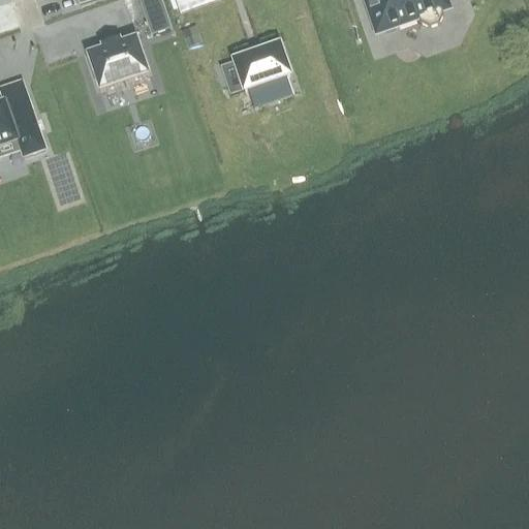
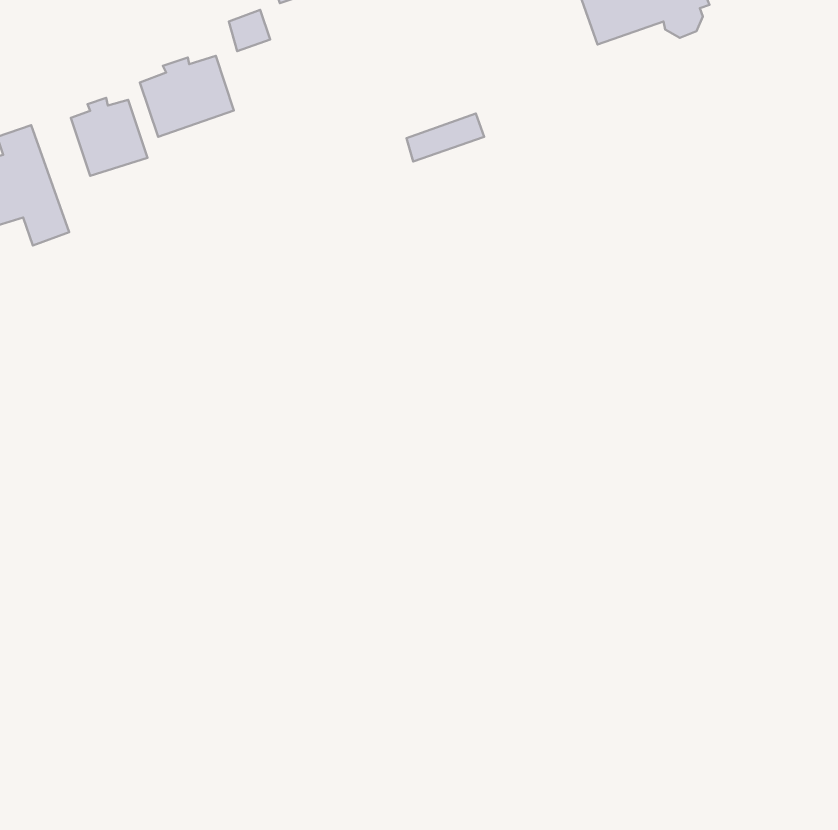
building: [231,42,287,87] -> none
building: none -> [71,98,148,176]

